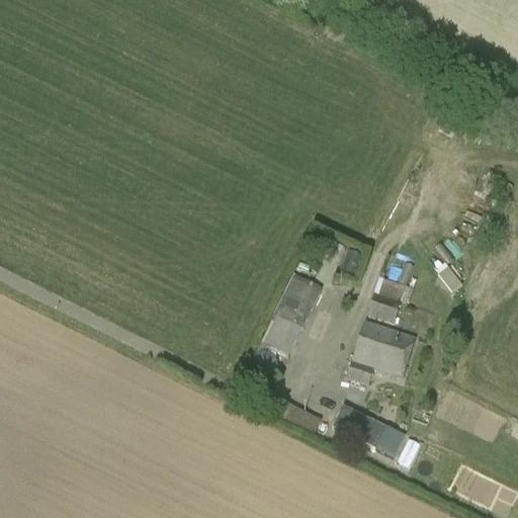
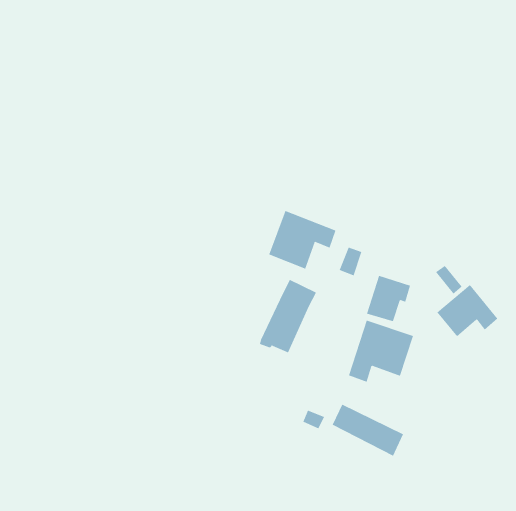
building: none -> [268,210,336,269]
building: none -> [437,284,498,337]

